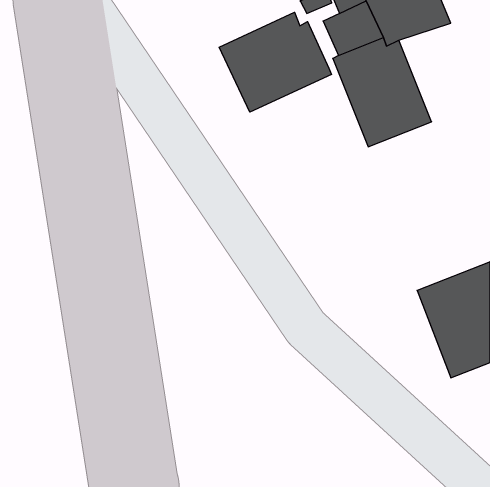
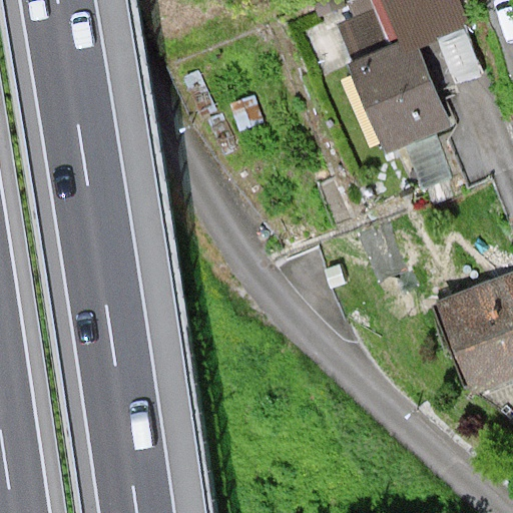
building: [219,12,331,112] -> none

